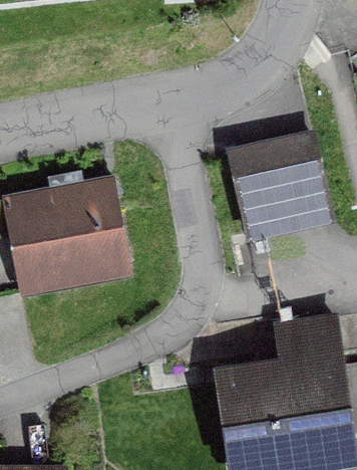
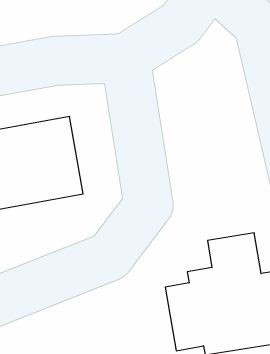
building: [230,138,329,234] -> none

